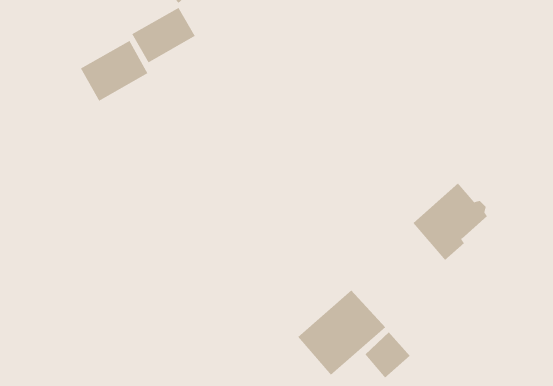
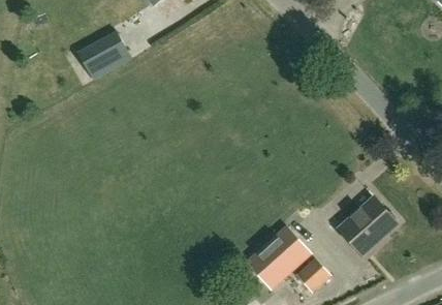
building: [131,7,196,63] -> none
building: [412,183,488,261] -> [339,196,397,256]

